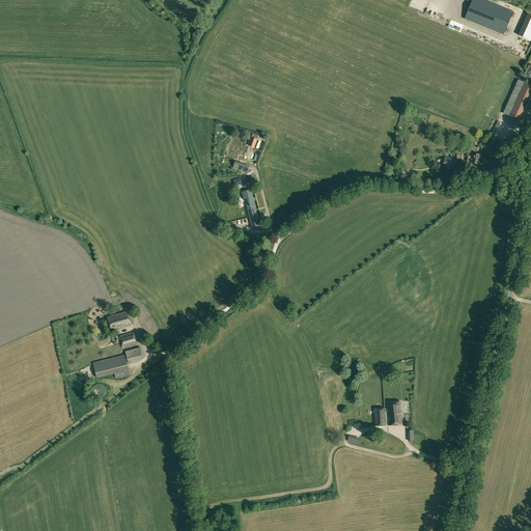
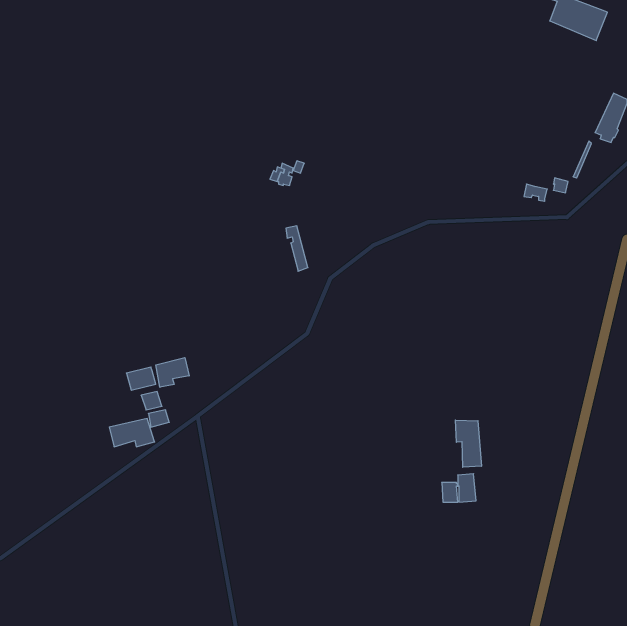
building: none -> [156,358,189,387]
building: none -> [455,420,481,467]

